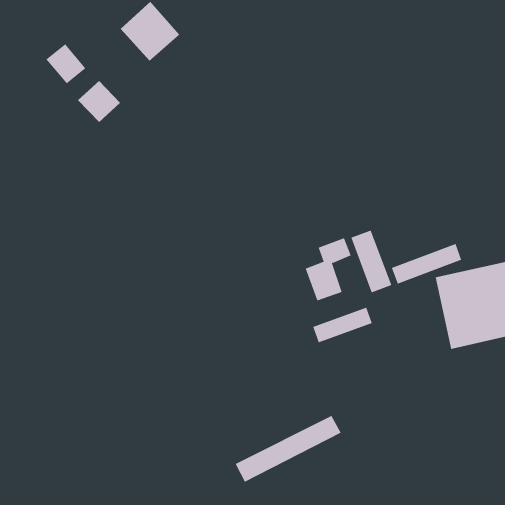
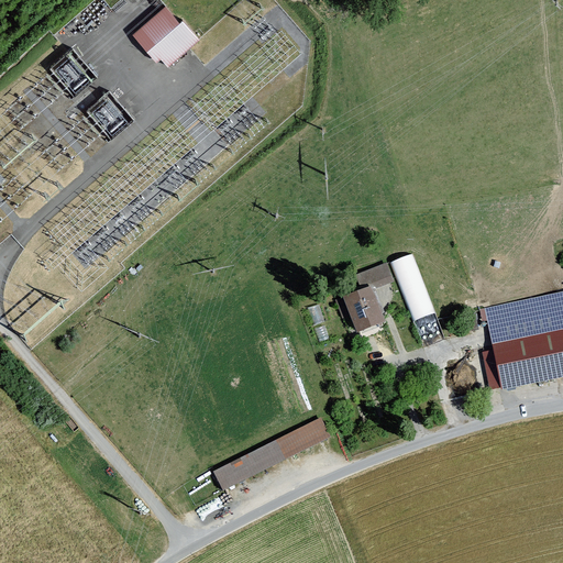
building: [391,243,462,284] -> none
building: [313,307,372,343] -> none
building: [235,415,342,483] -> [210,418,329,493]

